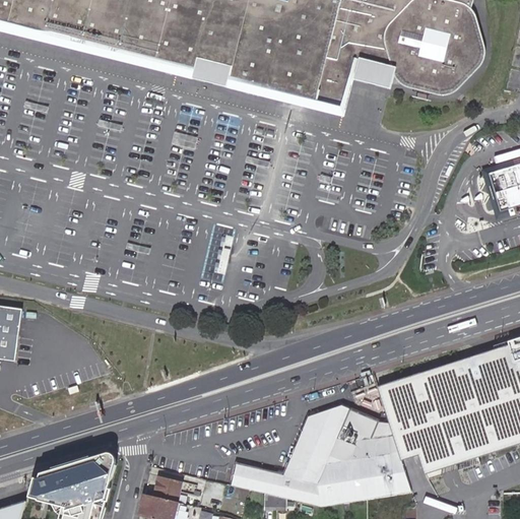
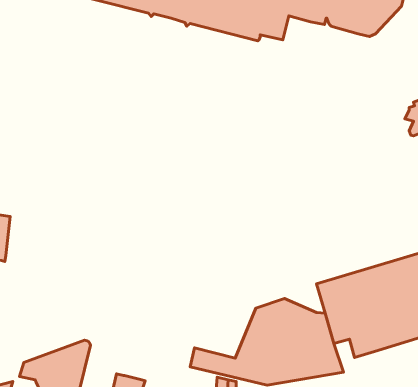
building: [154,474,185,501] -> none

